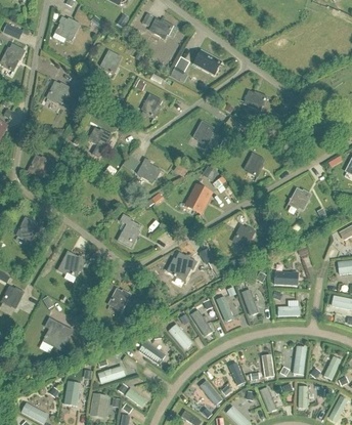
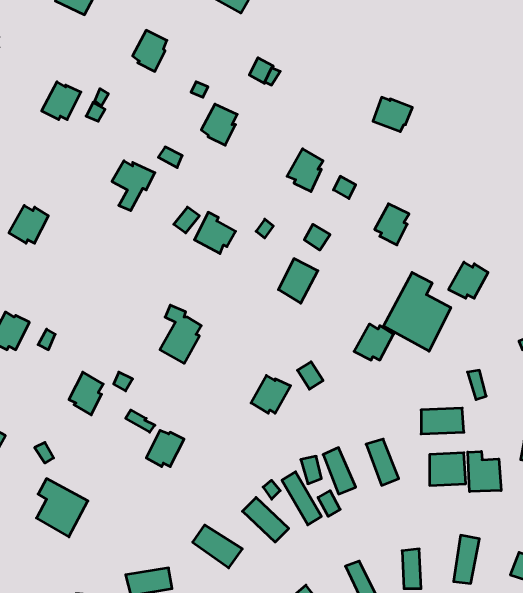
building: [194,48,224,75] -> none
building: none -> [383,272,451,351]
building: none -> [468,451,501,492]

